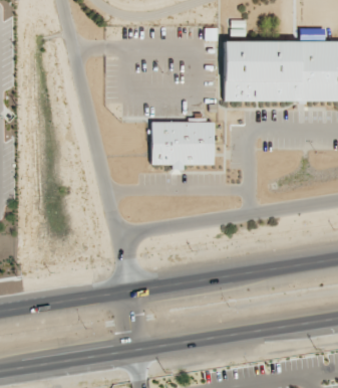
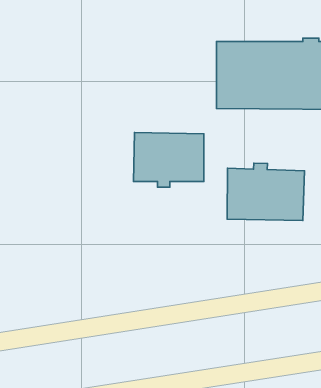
building: none -> [227,163,305,220]

